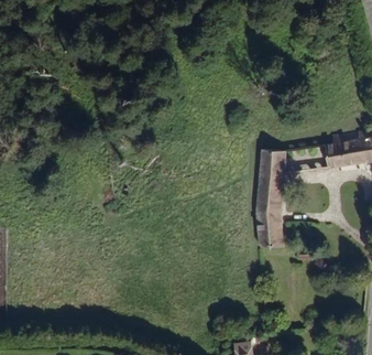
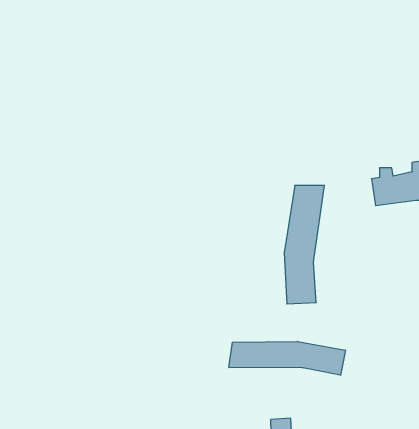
building: none -> [229,341,345,375]

